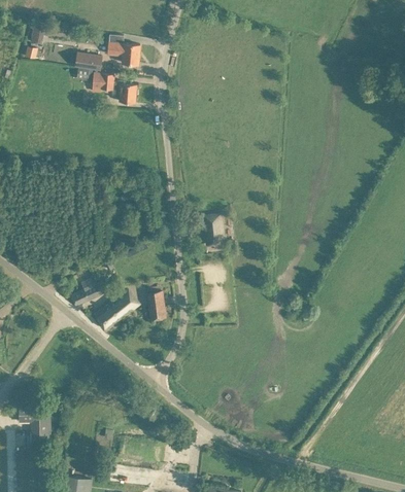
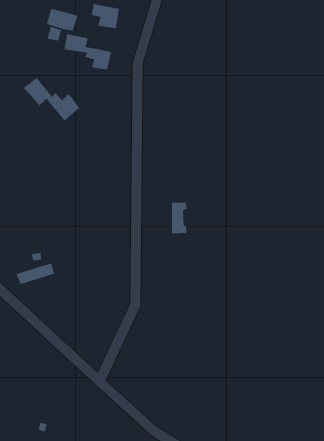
building: none -> [23,77,80,121]
building: [96,292,140,331] -> none
building: [148,292,167,321] -> none

